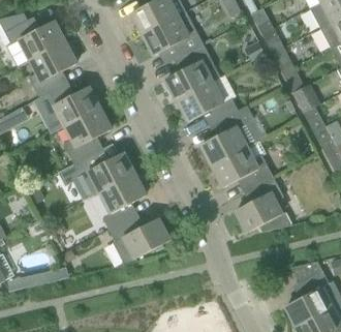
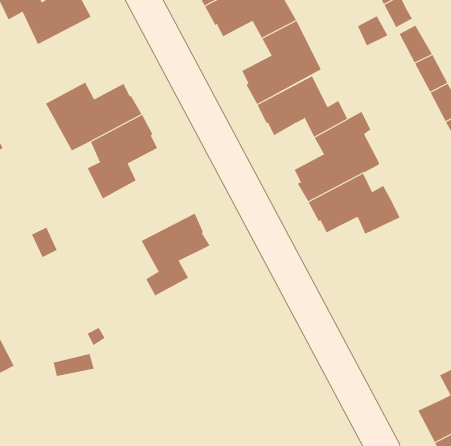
building: [28,41,75,97] -> none
building: [59,151,135,200] -> none
building: [236,176,292,232] -> none
building: [108,216,170,264] -> none

